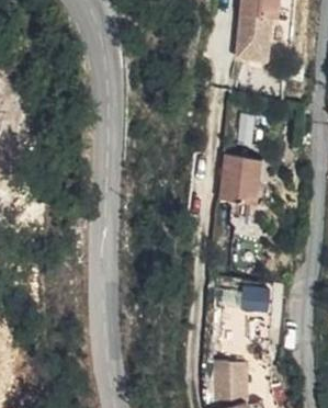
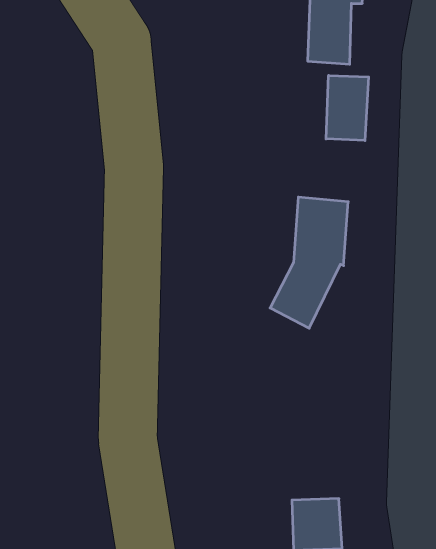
building: none -> [326,75,369,141]

